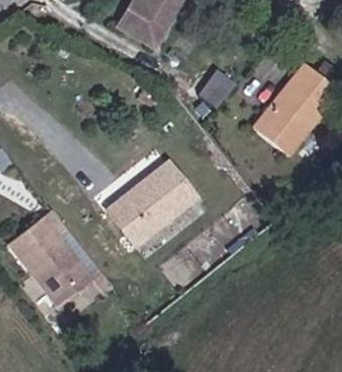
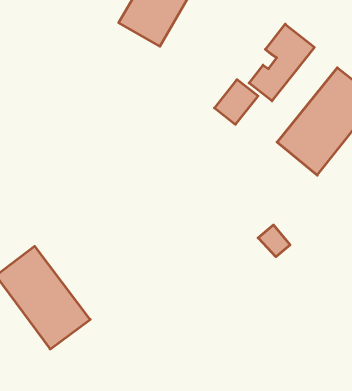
building: none -> [249,24,314,101]
building: [109,163,197,245] -> none

